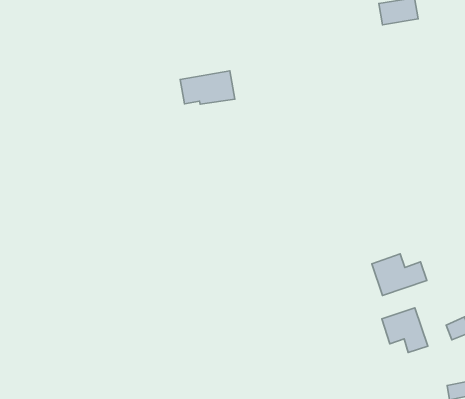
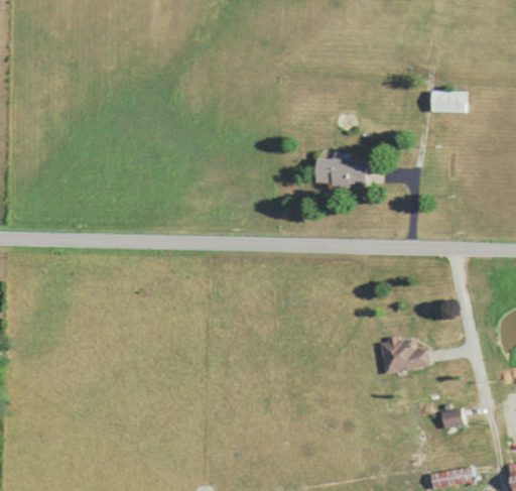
building: [180,71,235,104] -> [316,158,366,187]
building: [382,308,428,353] -> none

